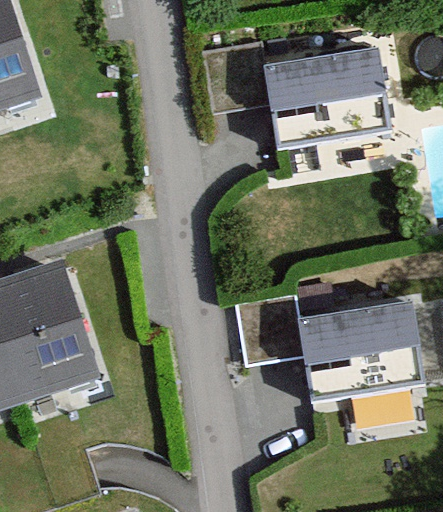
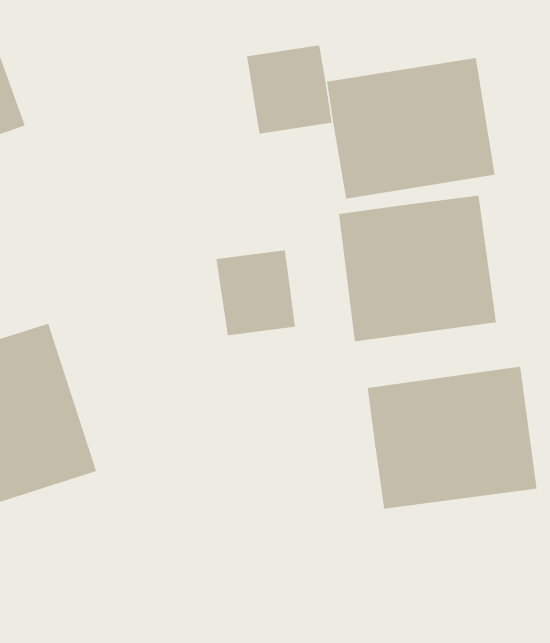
building: none -> [338,195,497,342]
building: [240,295,303,363] -> [216,250,296,336]

